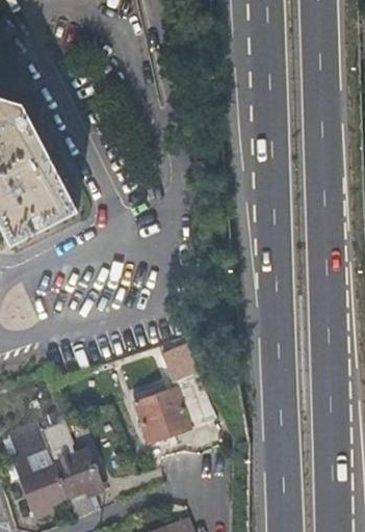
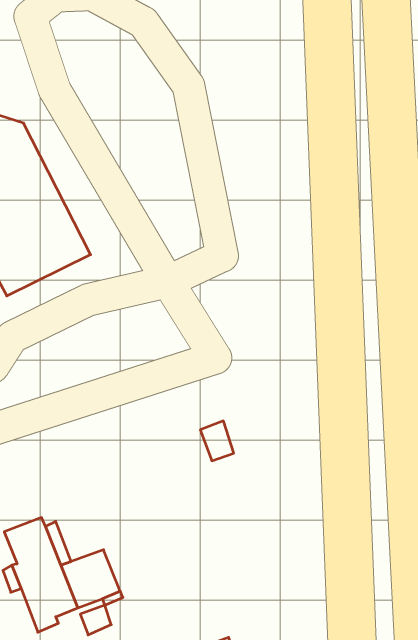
building: [132,374,212,443] -> none

